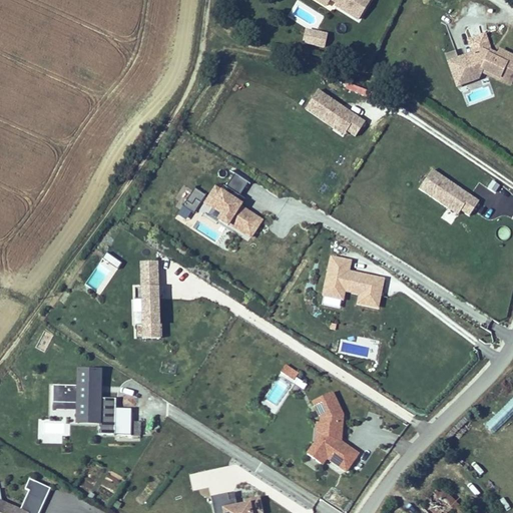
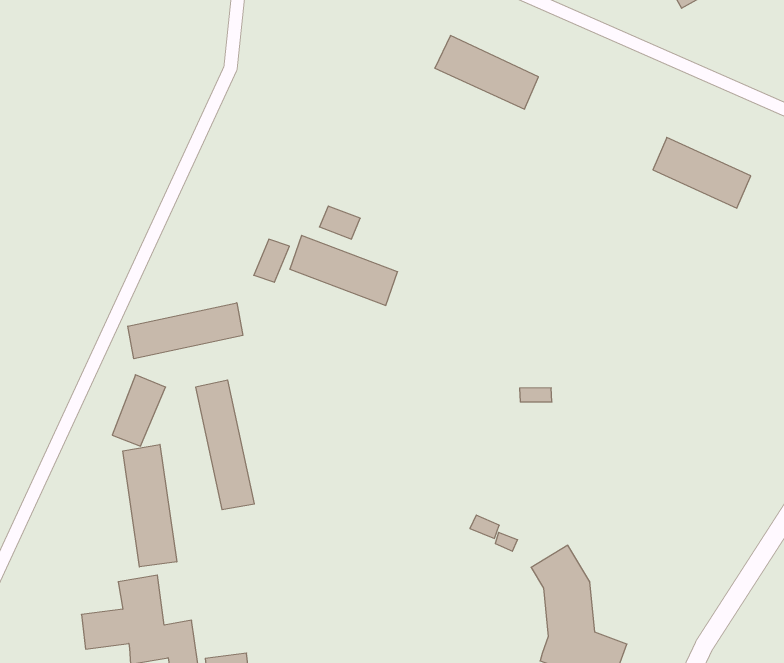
building: none -> [128,303,243,359]
building: [324,255,387,305] -> none
building: none -> [123,444,177,567]

